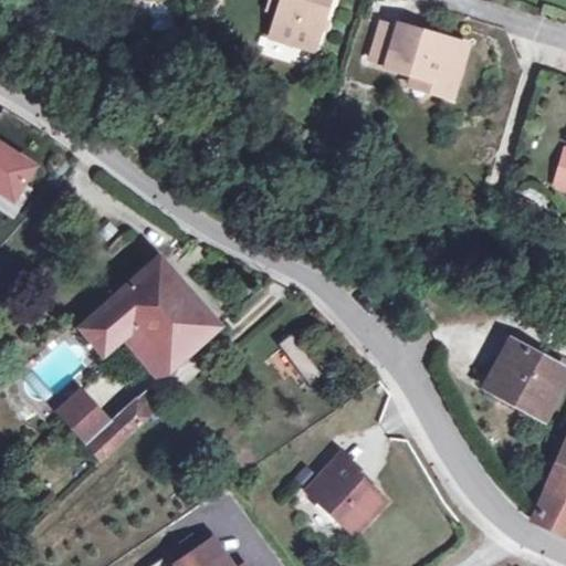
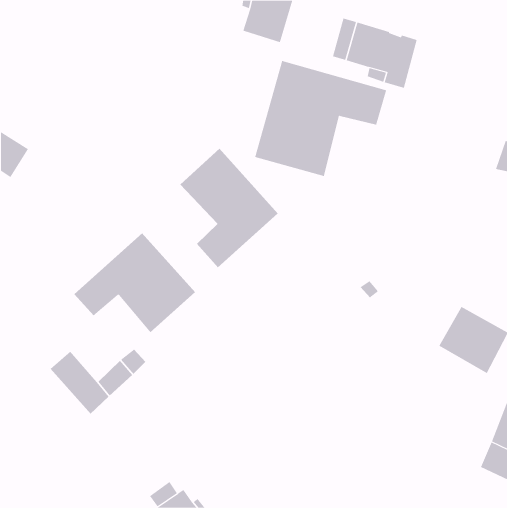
building: none -> [254,60,387,177]
building: none -> [179,148,278,268]
building: [302,452,381,533] -> none

